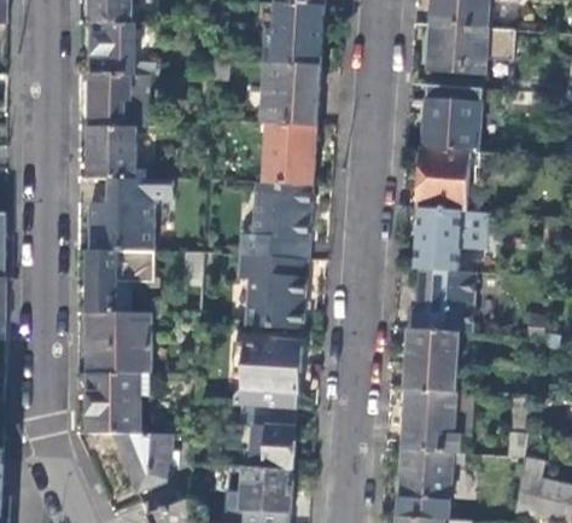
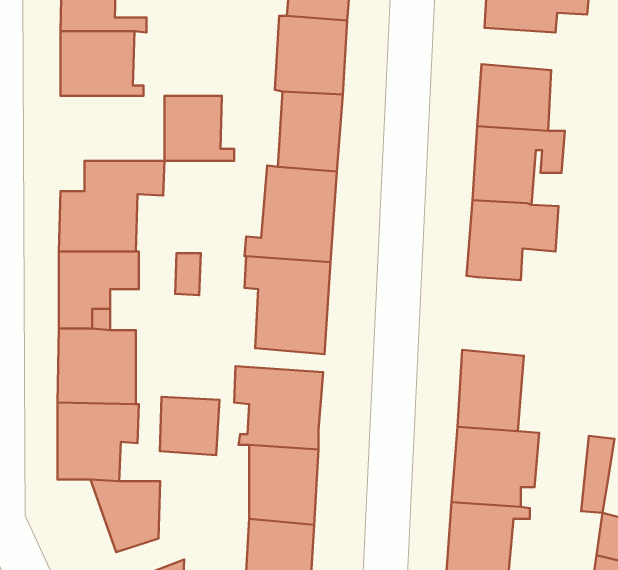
building: [89,124,145,176] -> [165,96,234,161]
building: [410,269,474,332] -> none
building: none -> [160,397,220,455]

